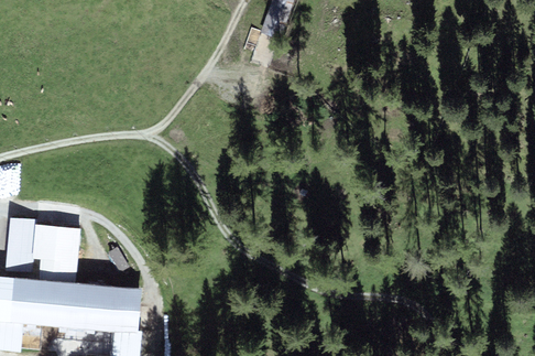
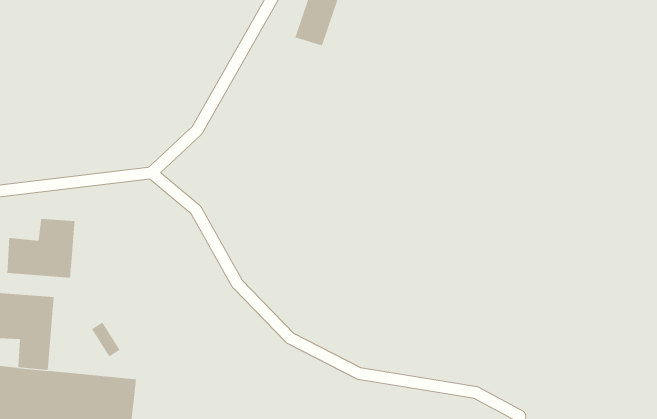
building: none -> [7,218,75,279]

